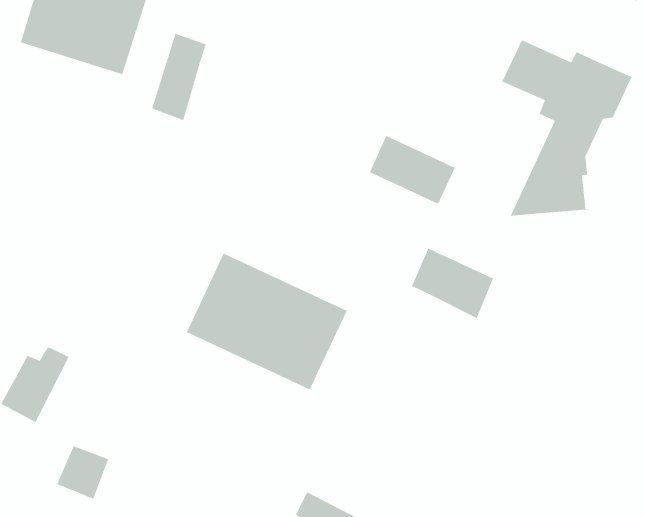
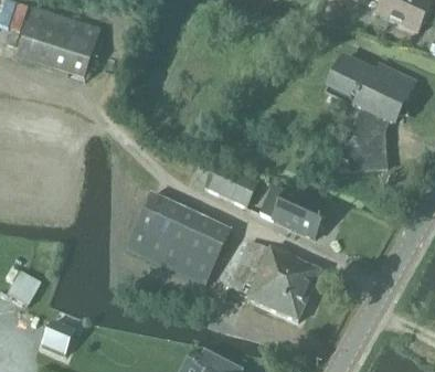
building: [151,33,207,121] -> none
building: [369,135,456,205] -> [201,159,257,204]
building: none -> [227,242,319,320]

